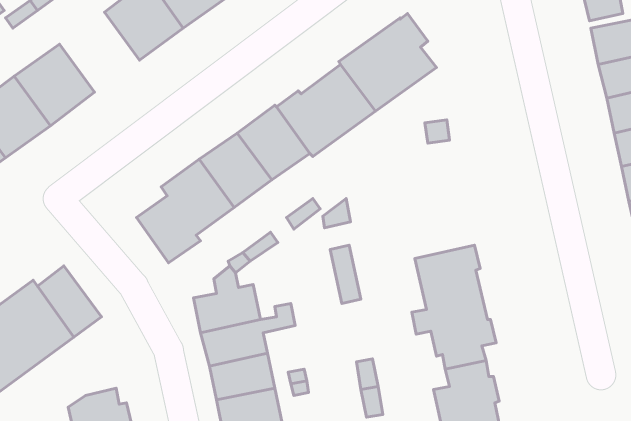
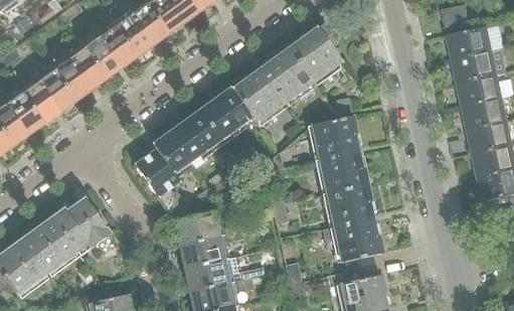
building: none -> [80,23,136,79]
building: none -> [311,116,367,193]

